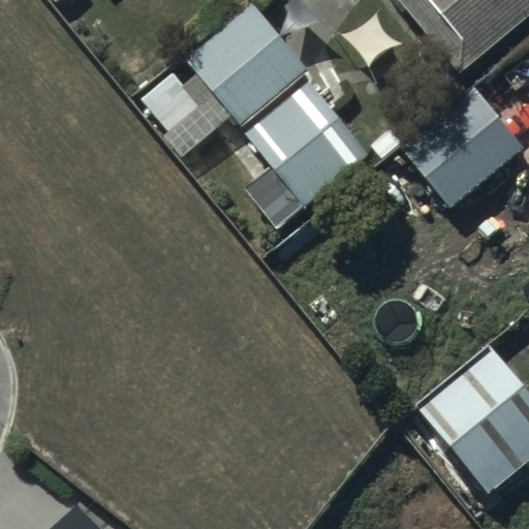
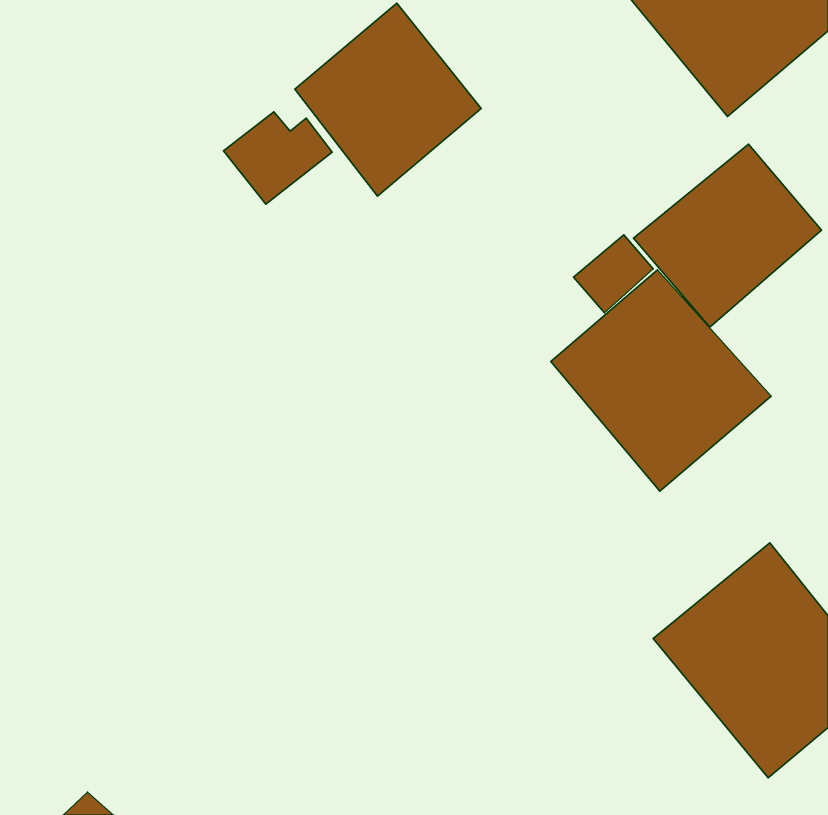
building: [243,80,370,230] -> none
building: none -> [551,270,771,491]

